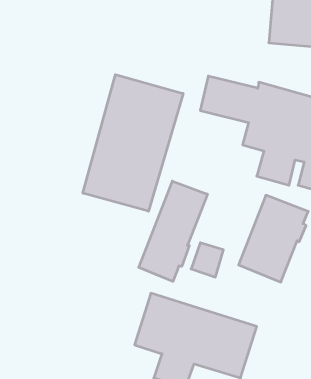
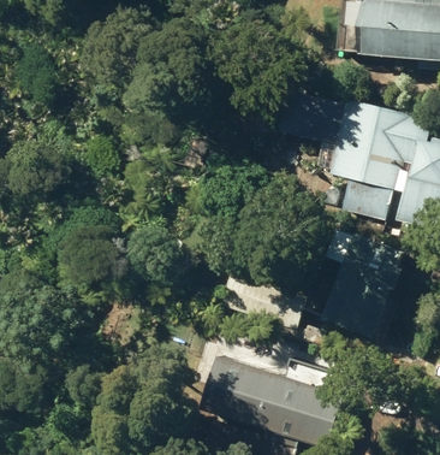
building: [83,75,183,211] -> none
building: [139,181,207,281] -> none

